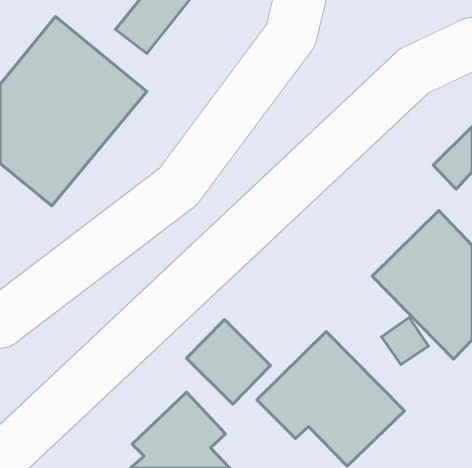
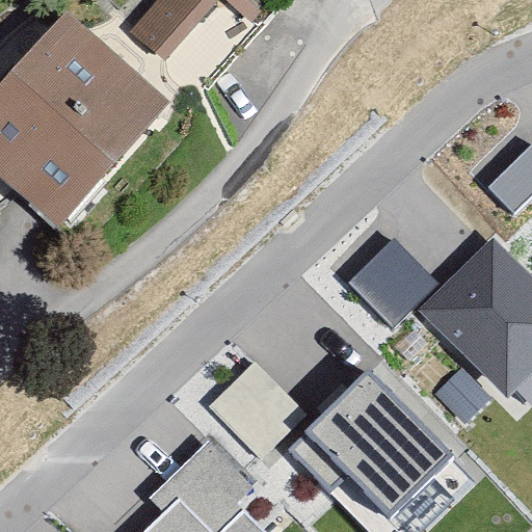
building: none -> [350,239,438,327]

